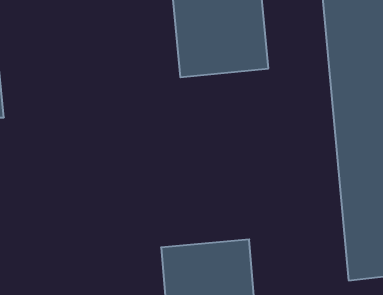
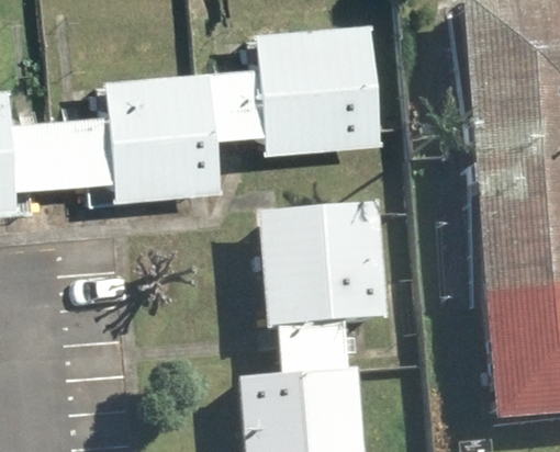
building: none -> [102,69,222,199]
building: none -> [258,206,390,334]

